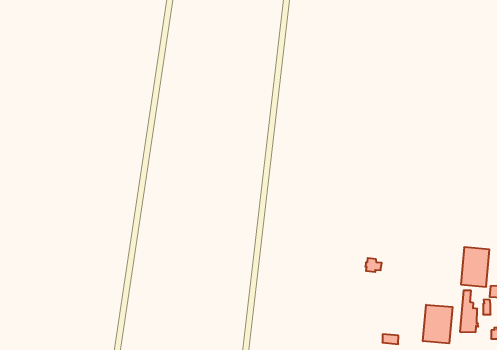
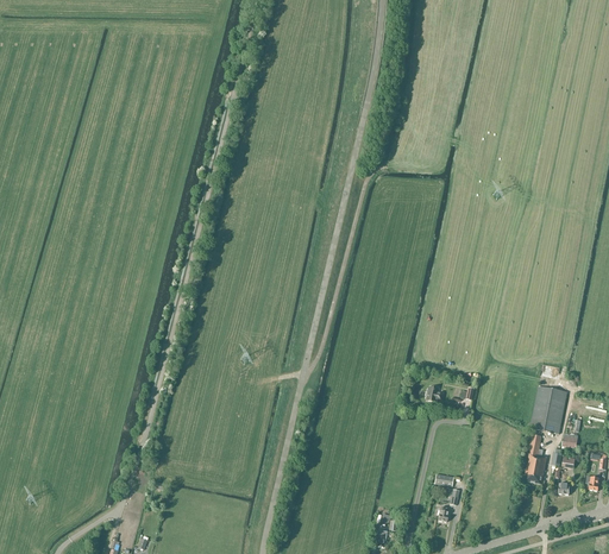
building: [423,305,452,343] -> none

